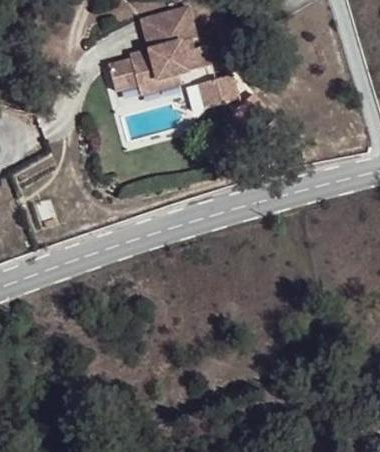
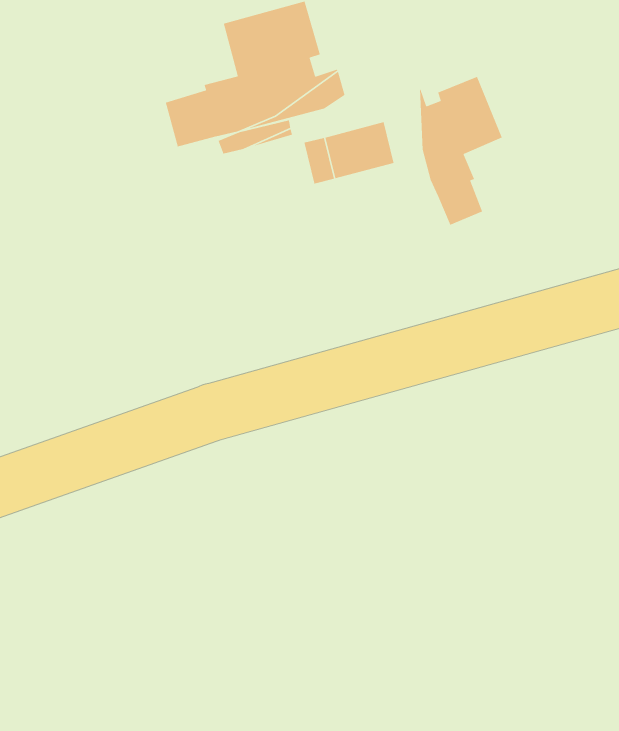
building: none -> [419,76,503,226]

